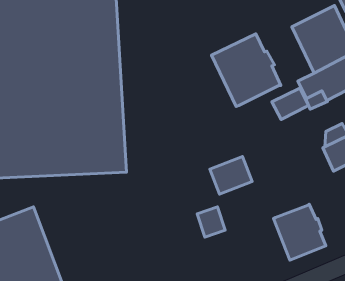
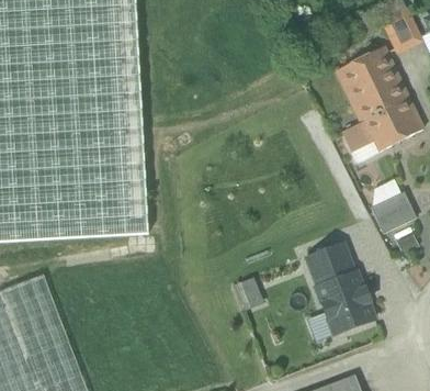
building: [211,34,281,107] -> none
building: [272,88,308,119] -> none
building: [210,156,252,194] -> [305,243,353,286]

